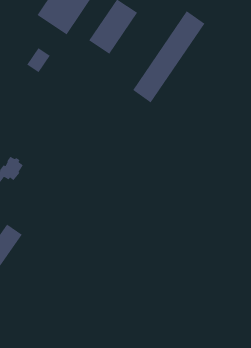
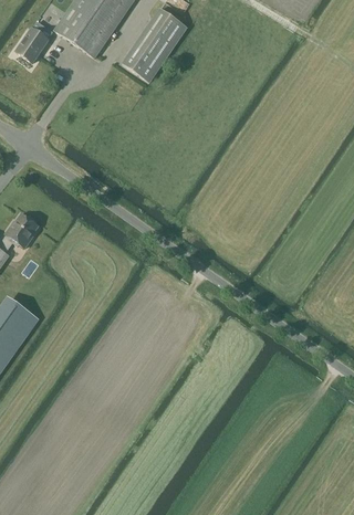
building: [132,10,205,104] -> none
building: [26,47,51,73] -> [17,28,49,62]

